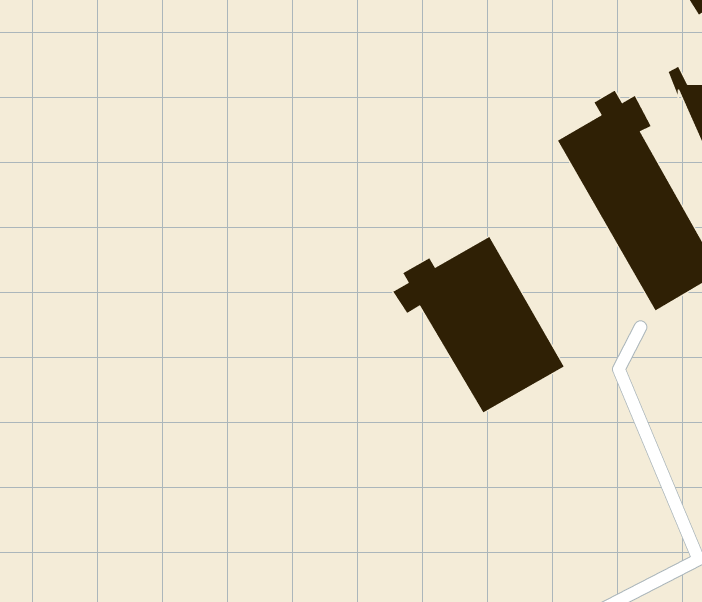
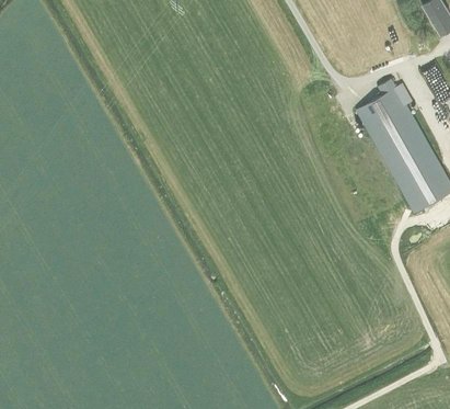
building: [392,236,565,413] -> none

